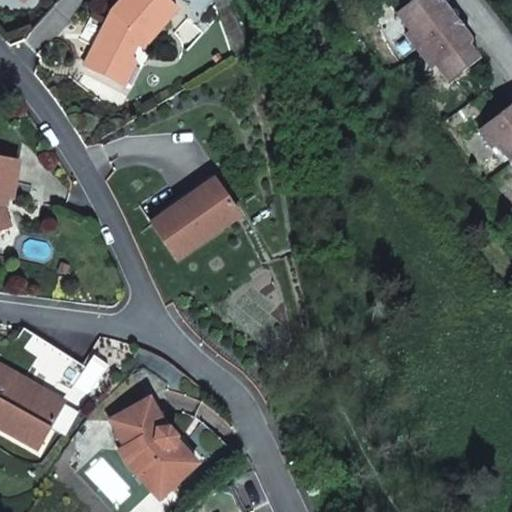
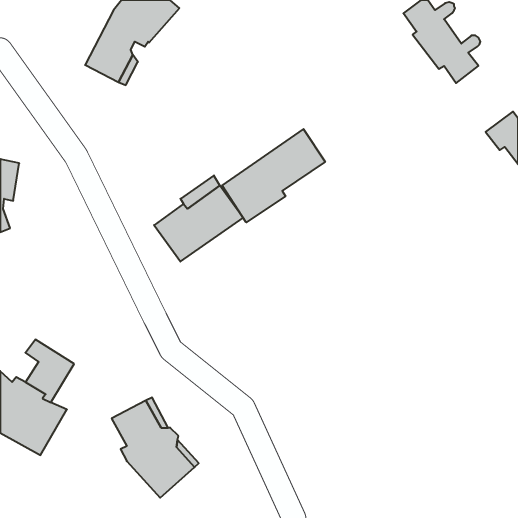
building: none -> [222,129,325,222]

